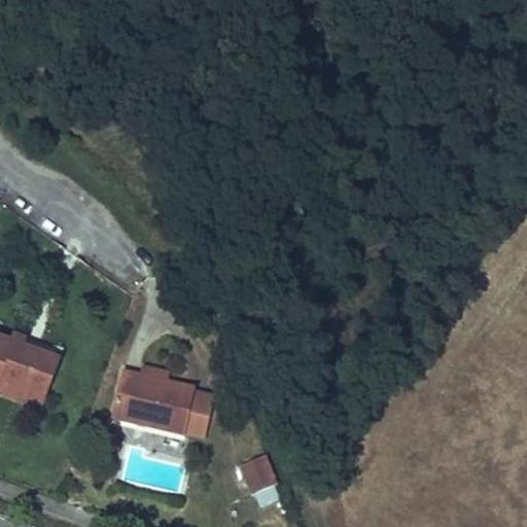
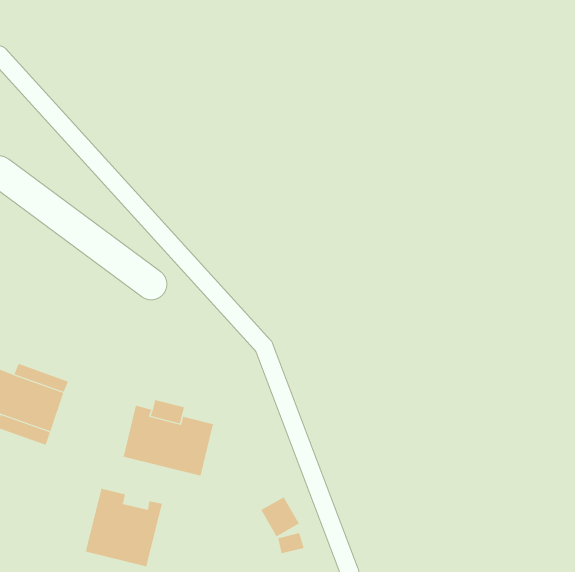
building: [184,389,215,437] -> none
building: none -> [86,488,162,567]

